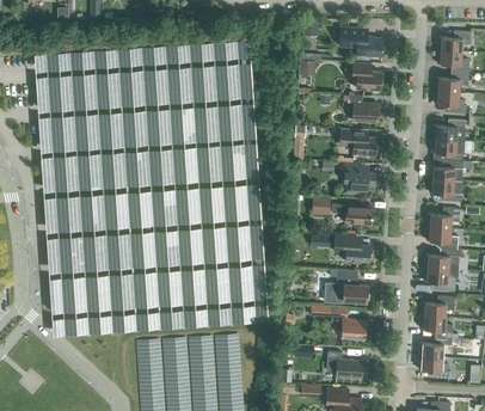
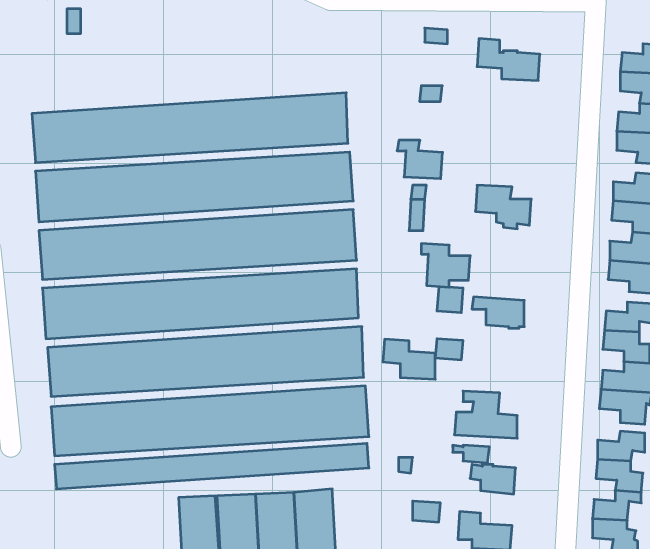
building: [33,43,250,73] -> none
building: [345,62,381,90] -> none
building: [349,96,380,122] -> [397,140,443,179]
building: [342,165,375,195] -> [421,244,470,287]
building: [334,235,370,263] -> [383,339,435,379]

